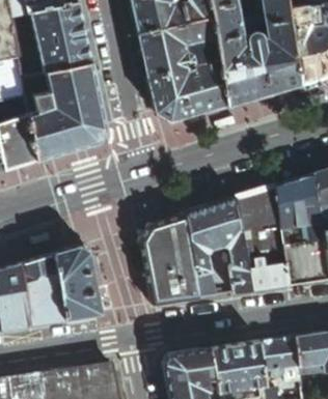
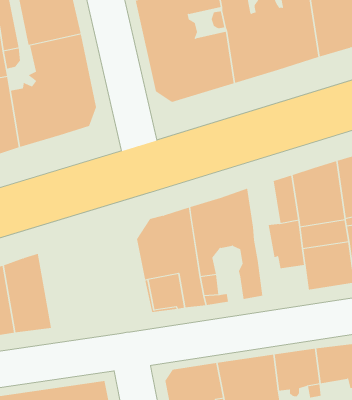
building: [237,191,265,231] -> none
building: [54,247,102,319] -> none
building: [246,257,290,291] -> none

